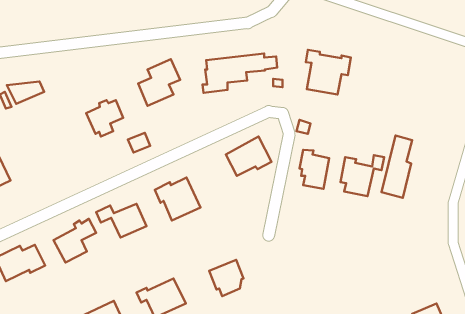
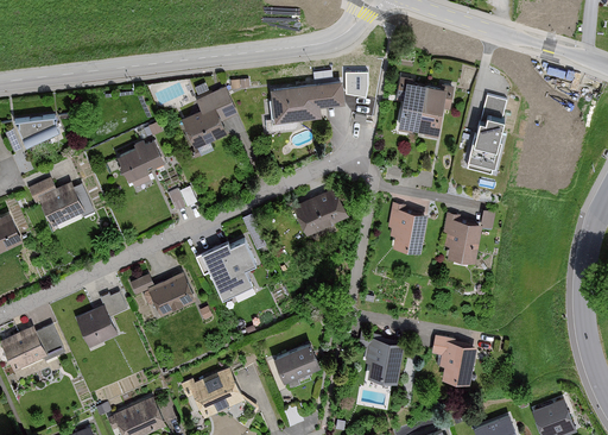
building: none -> [27,177,94,226]
building: [381,135,412,198] -> [469,90,508,170]
building: none -> [359,332,404,384]
building: none -> [431,336,475,384]

